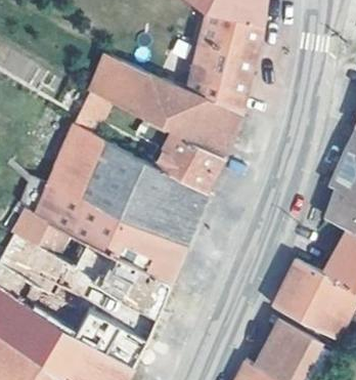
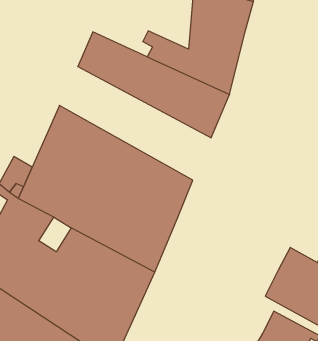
building: [77,92,220,200] -> none

